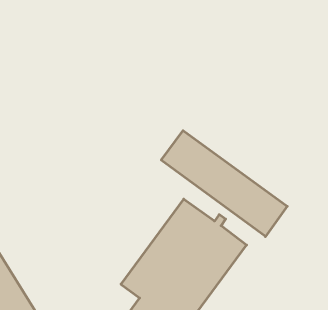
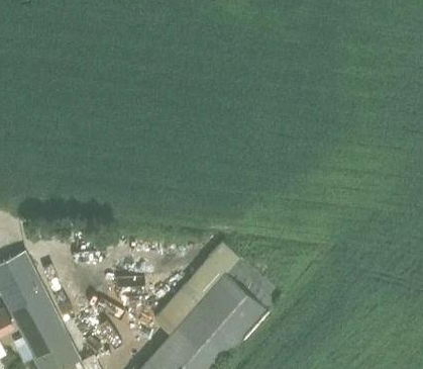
building: [161,131,287,237] -> none

